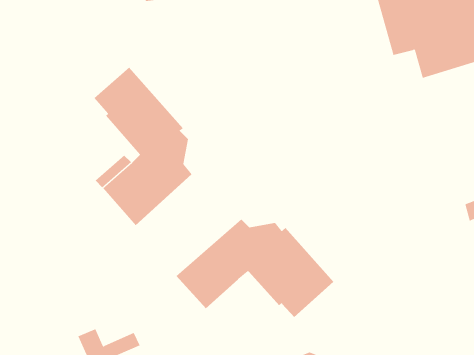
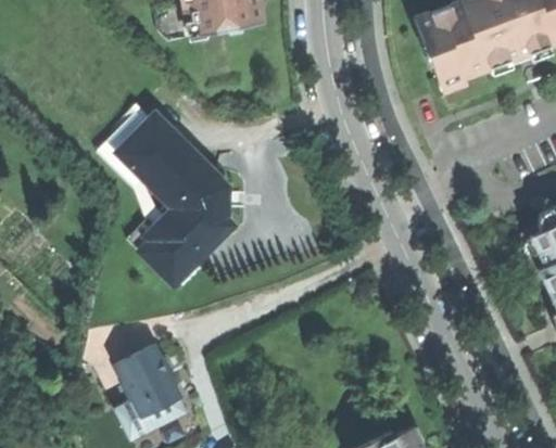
building: [176,218,334,318] -> none
building: none -> [117,345,181,418]

